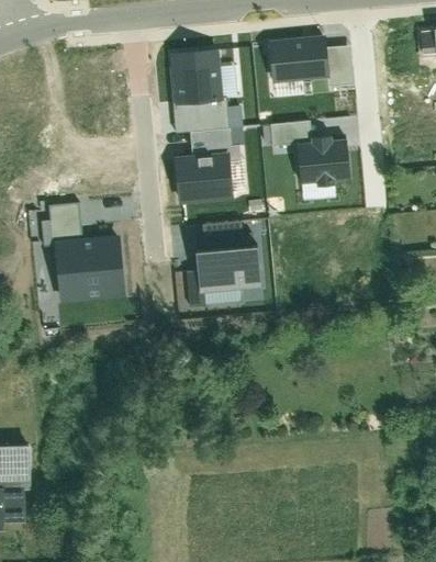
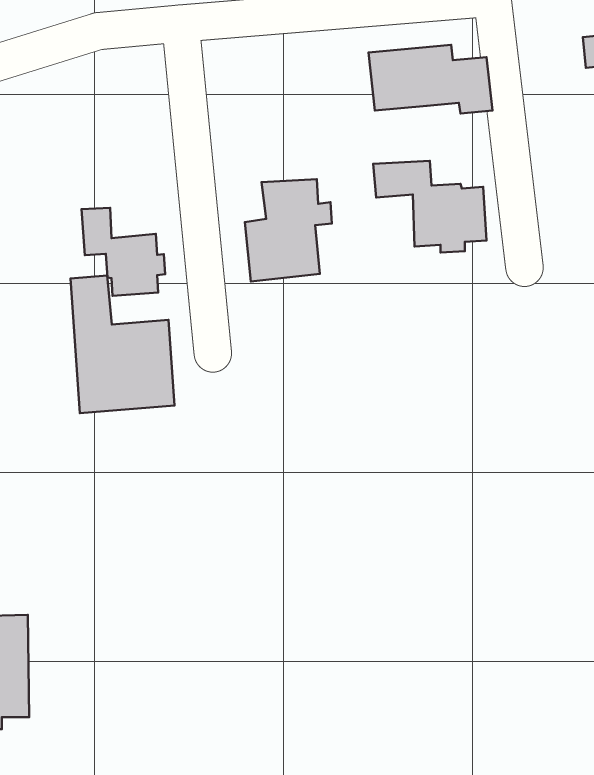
building: [171,54,230,135] -> none
building: none -> [81,208,165,296]
building: [194,220,262,293] -> none

